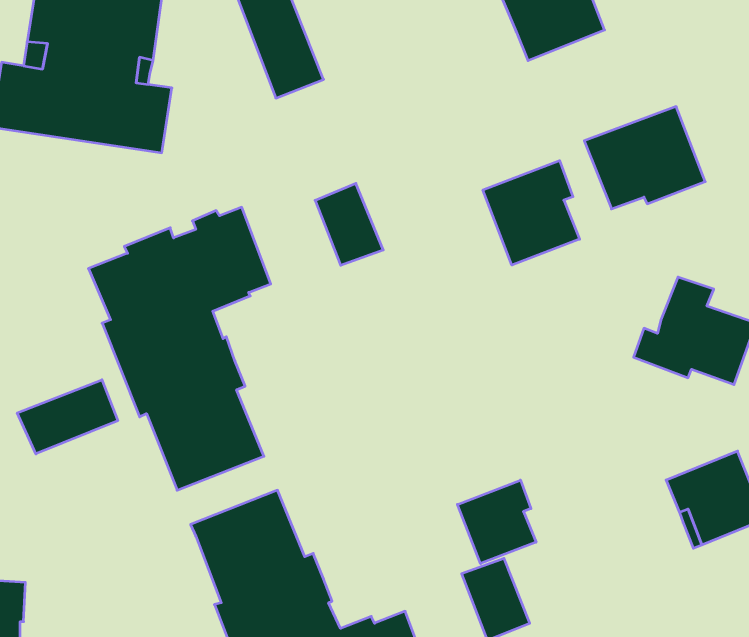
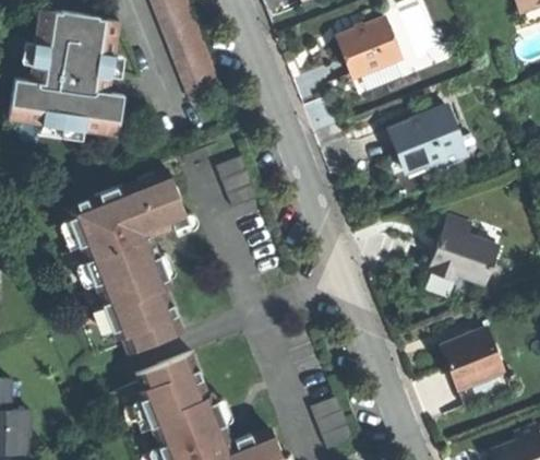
building: [483,161,580,265] -> none
building: [17,380,118,454] -> none
building: [457,480,536,564] -> none

